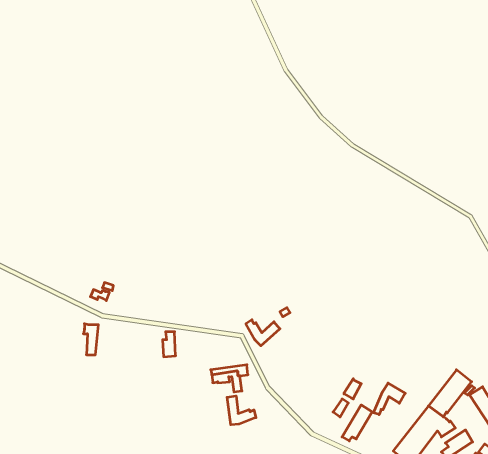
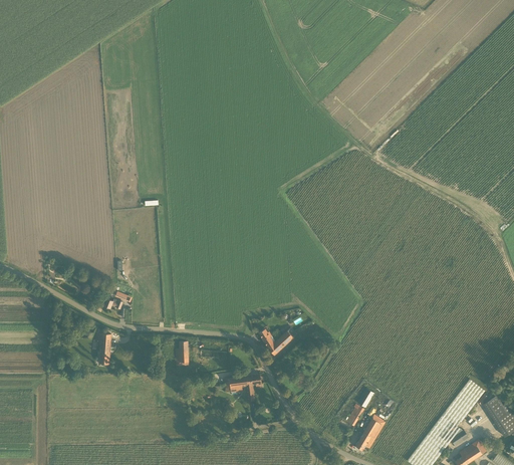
building: [374,383,405,415] -> none
building: [227,396,256,425] -> none

